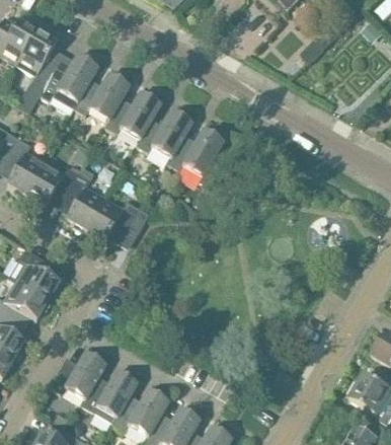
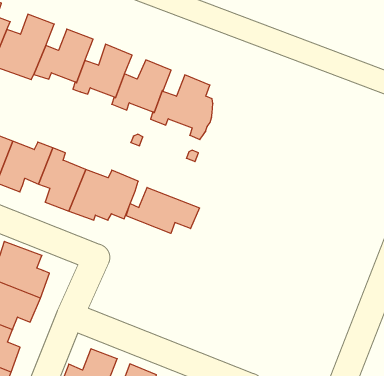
building: none -> [126,187,200,233]

